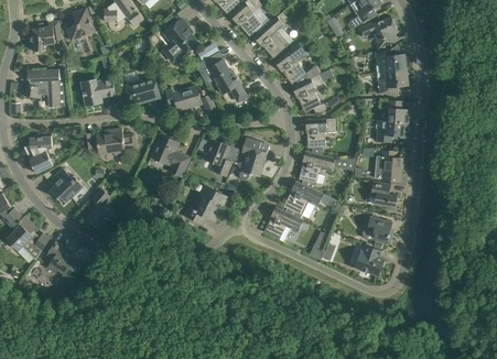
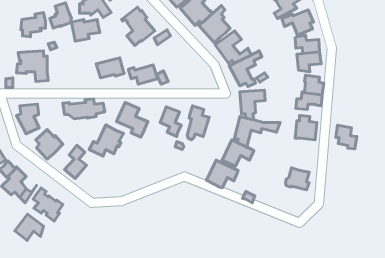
building: [207,59,245,97] -> none
building: [80,78,116,106] -> [72,19,100,41]
building: [370,181,397,210] -> [336,125,357,149]
building: [184,185,227,225] -> [89,125,123,156]
building: [355,244,383,275] -> none
building: none -> [15,214,44,240]

